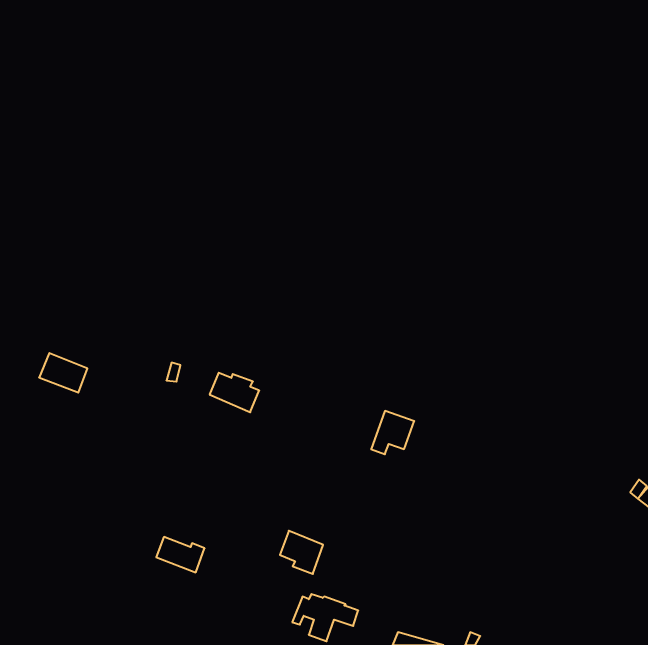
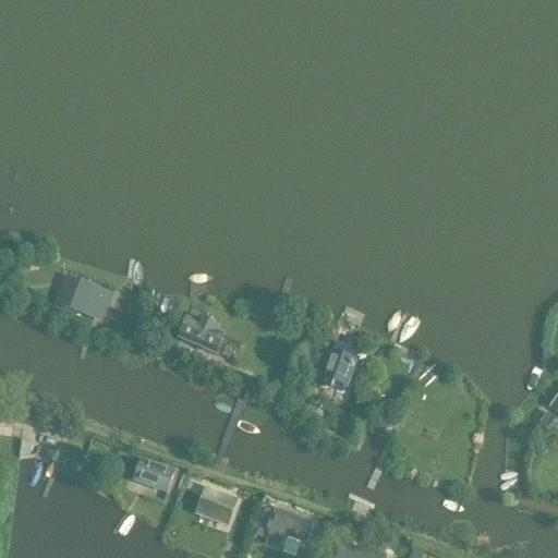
building: [39,353,87,393] -> [63,281,105,315]
building: [280,531,323,574] -> [199,487,236,524]

